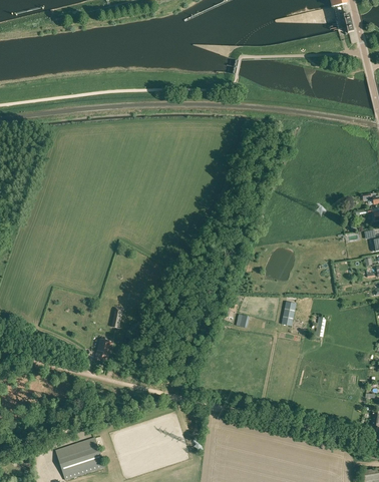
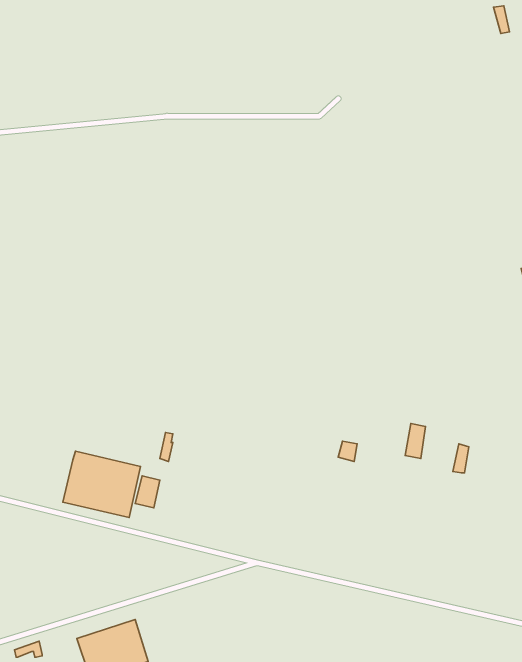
building: none -> [63,451,140,518]

